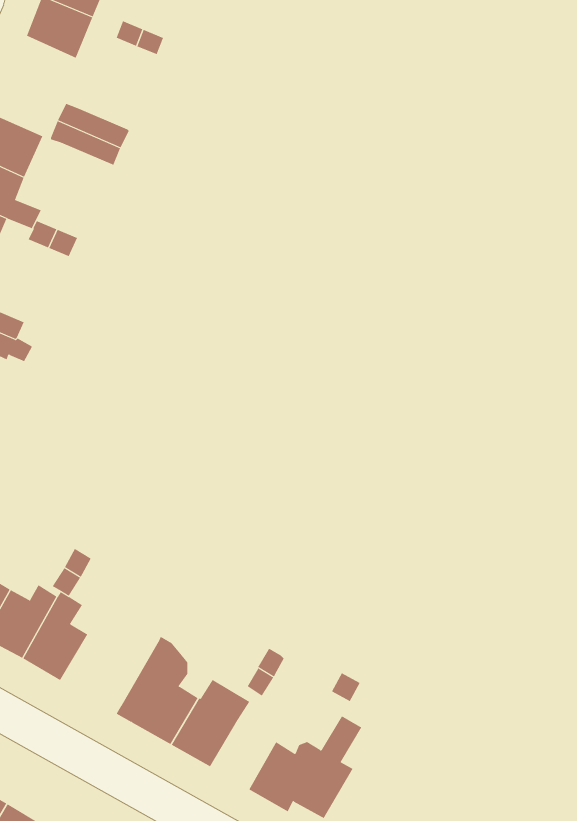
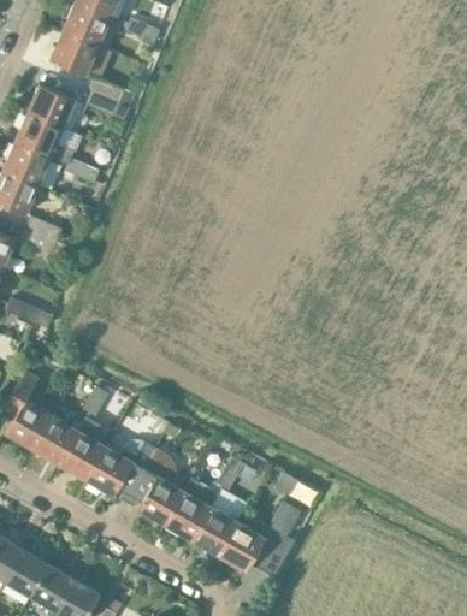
building: none -> [51,31,99,76]
building: none -> [88,443,156,504]
building: none -> [193,509,238,557]

